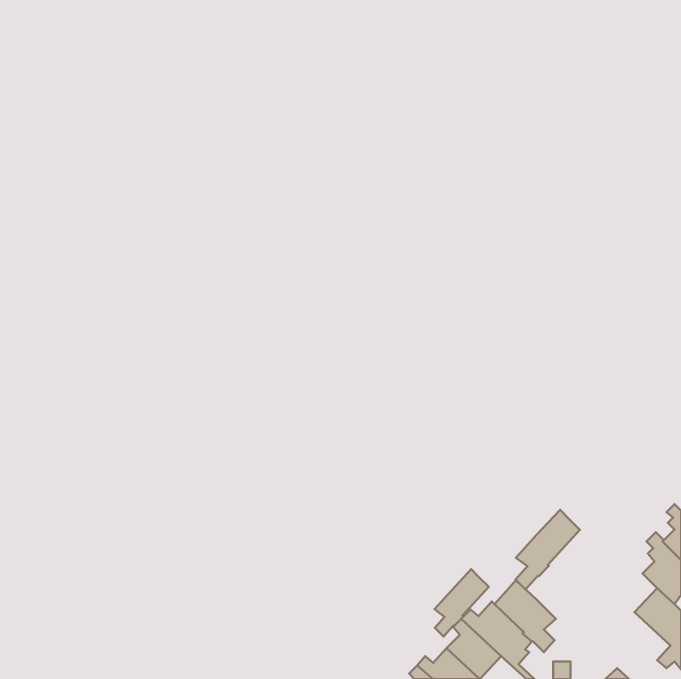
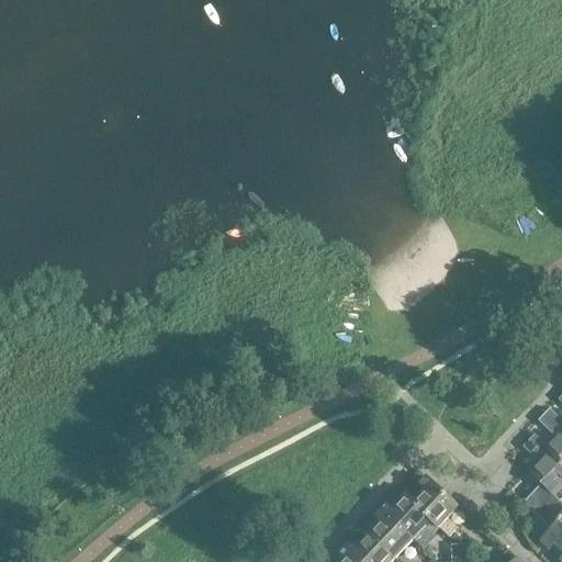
building: [516,510,580,590] -> none
building: [435,569,489,637] -> none

